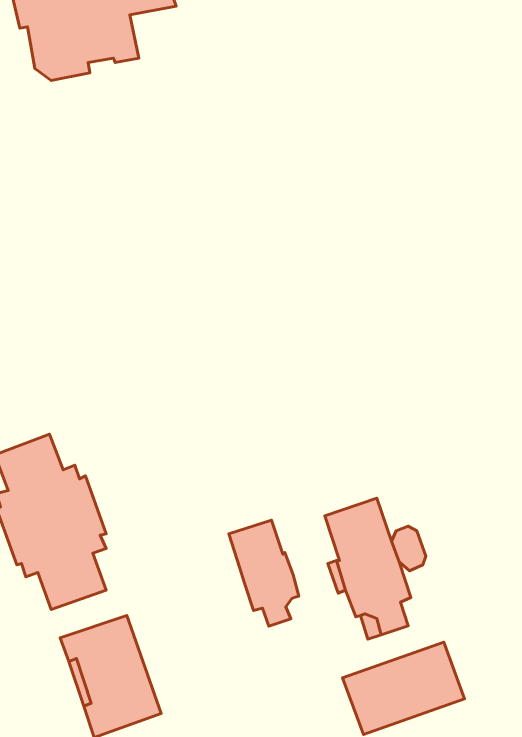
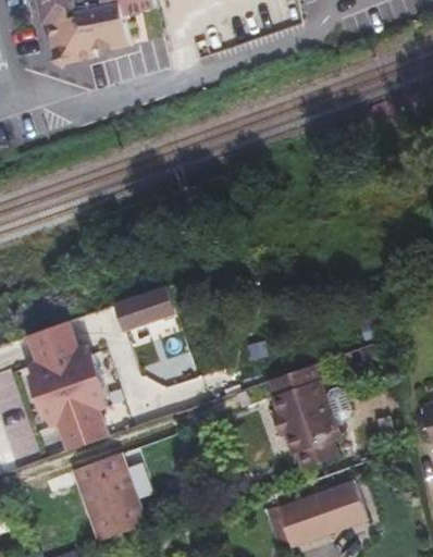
building: none -> [112,287,172,331]
building: [229,520,299,626] -> none

